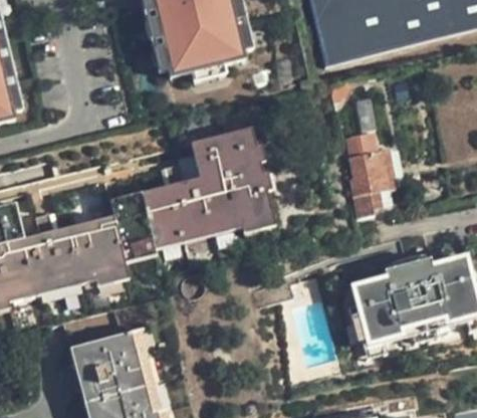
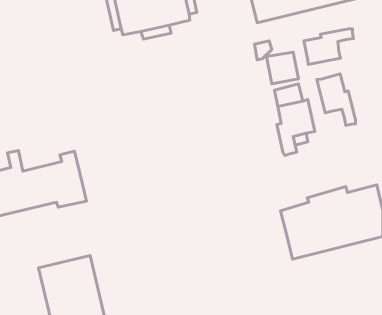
building: none -> [304,29,353,64]
building: [109,124,272,252] -> none
building: none -> [317,74,356,125]

